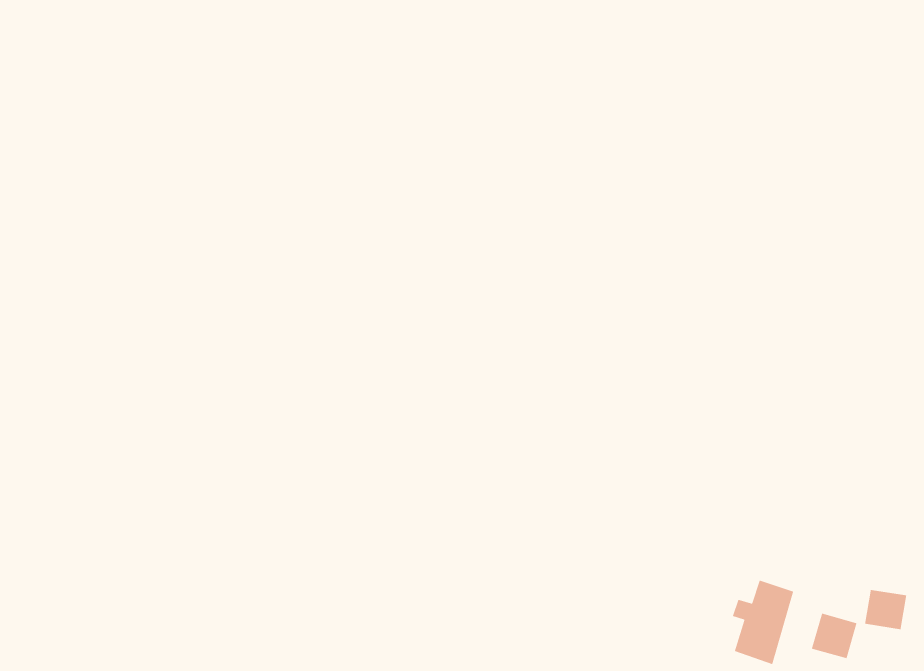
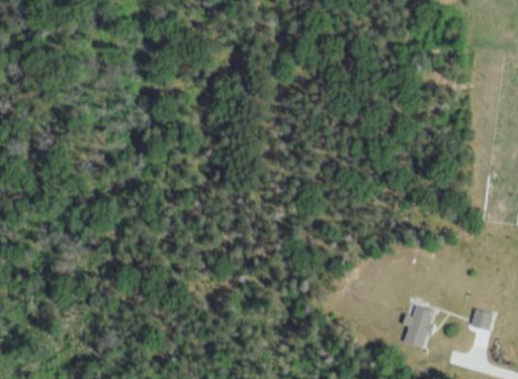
building: [811,613,858,659] -> none

